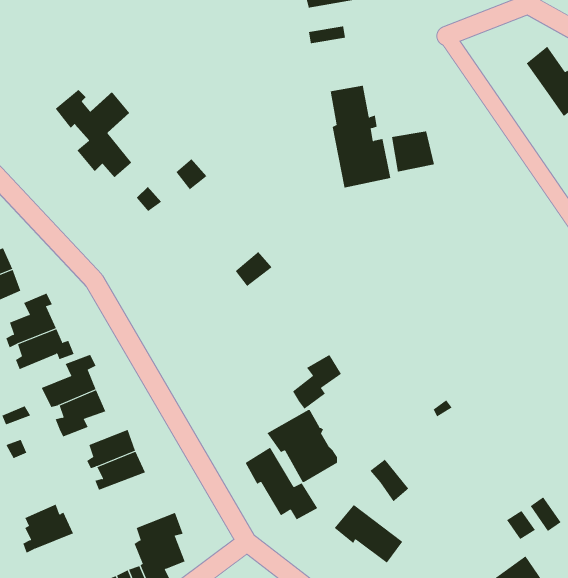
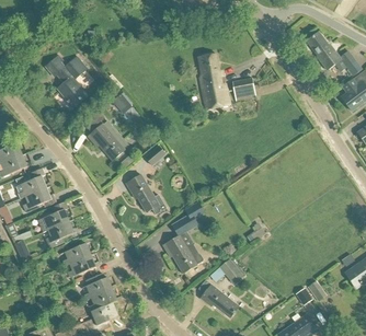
building: none -> [88,123,125,160]
building: [245,447,318,520] -> [126,174,167,215]
building: [22,504,74,553] -> [83,273,112,300]

